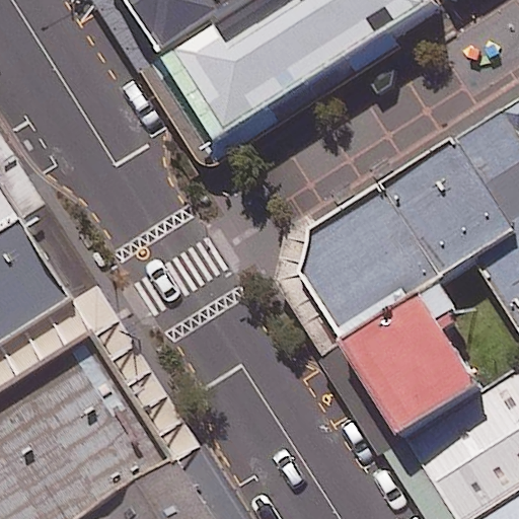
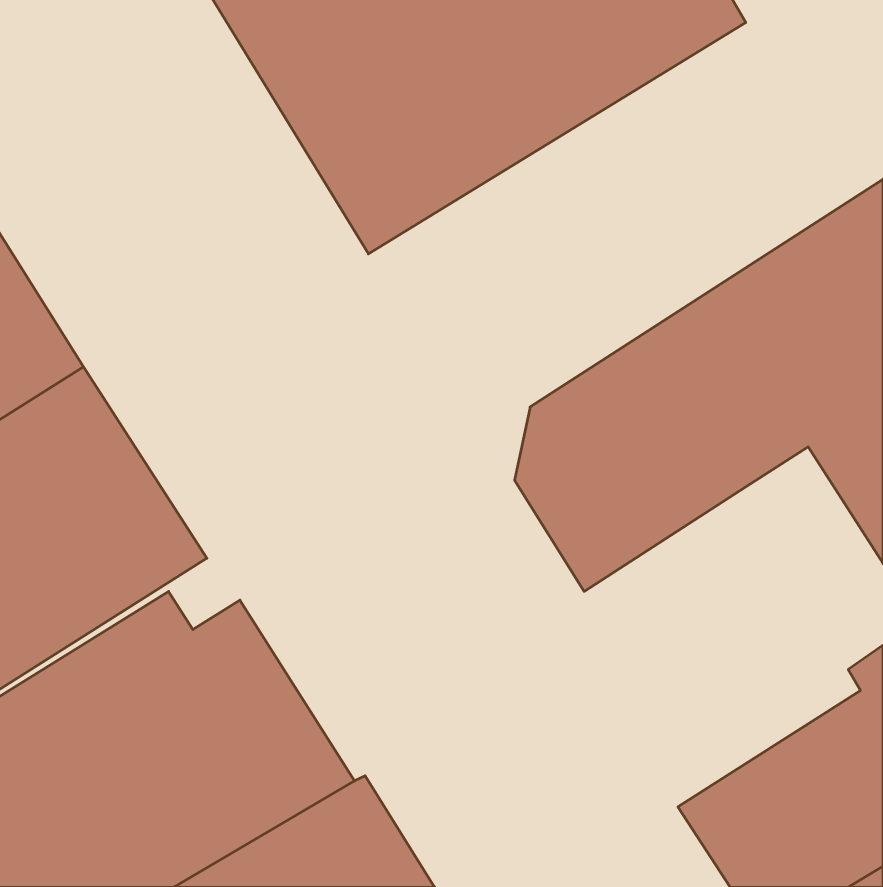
building: [341,284,479,444] -> none

